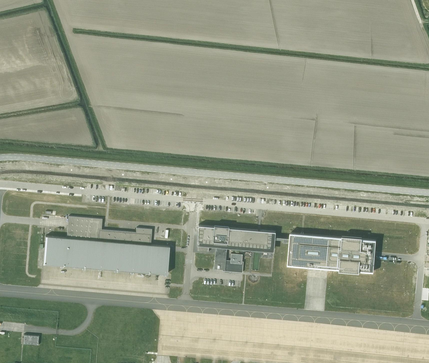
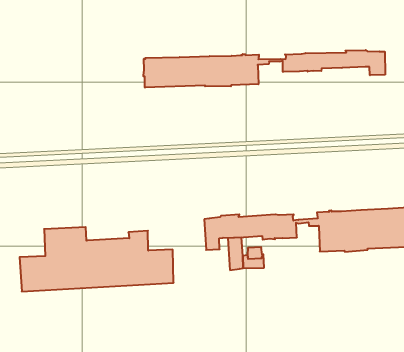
building: none -> [143,50,385,88]

